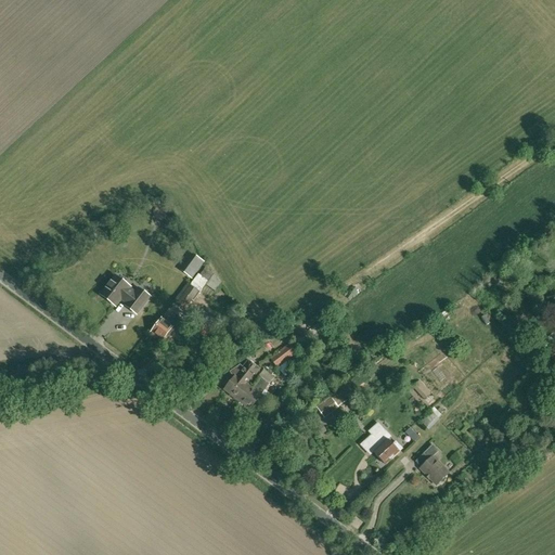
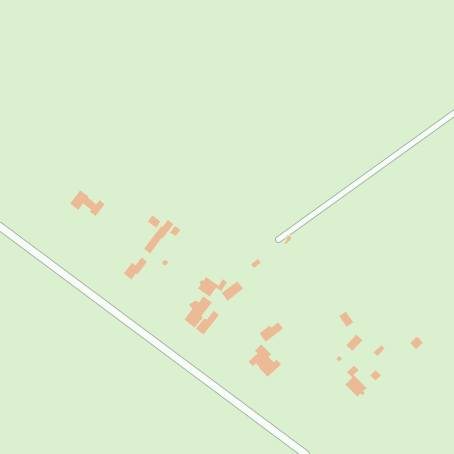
building: [102,278,146,311] -> [69,189,106,217]
building: none -> [197,276,228,298]
building: [360,423,401,464] -> [248,344,282,377]

